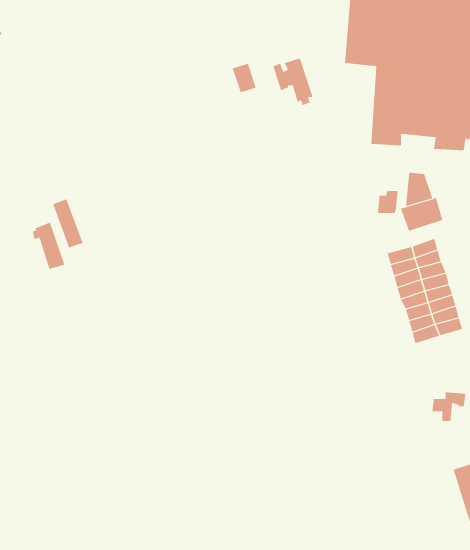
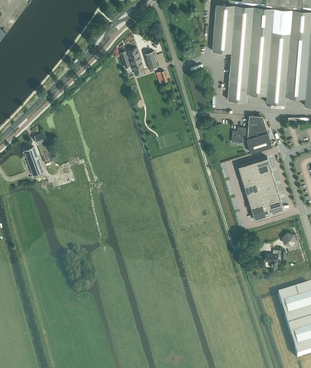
building: [272,58,314,106] -> [119,46,144,75]

